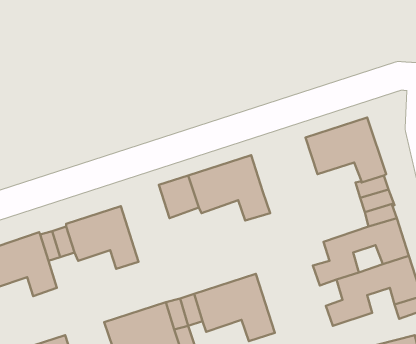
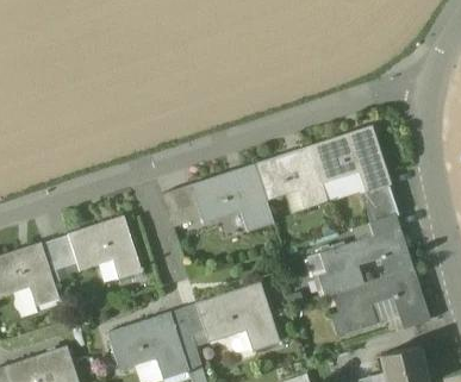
building: none -> [255,146,328,208]

